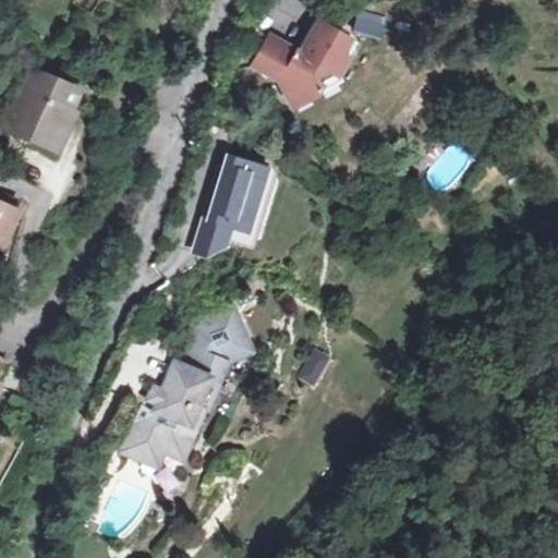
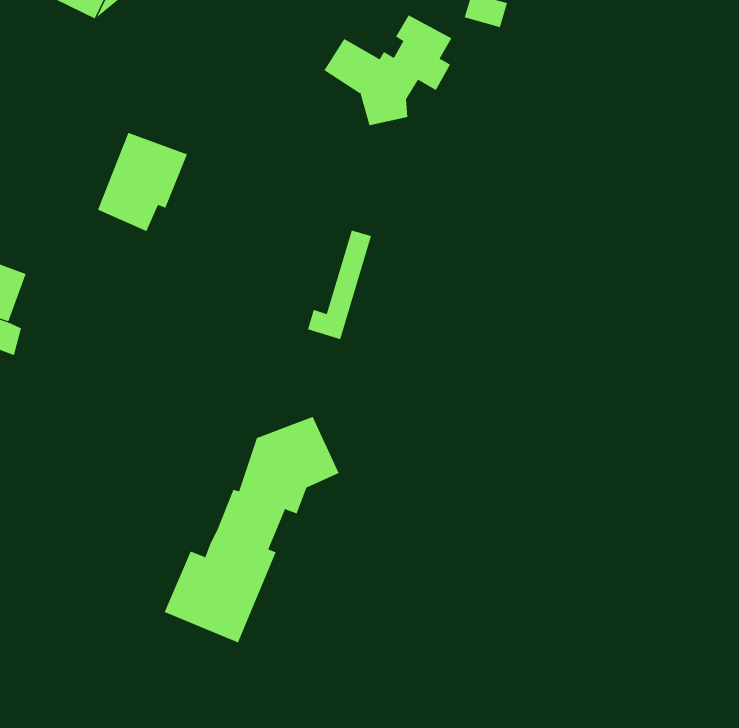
building: [8,66,75,141] -> [97,132,188,232]
building: [198,160,262,257] -> none

